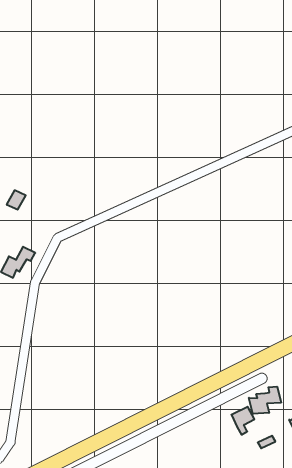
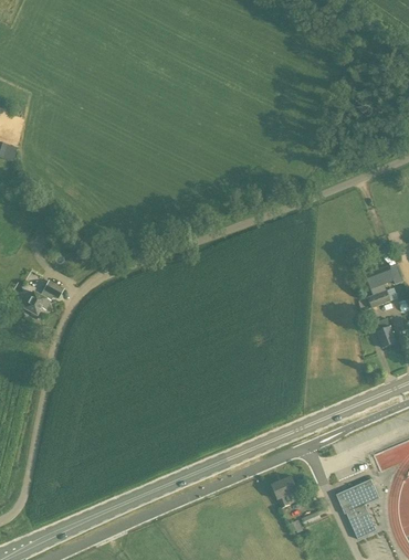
building: [249,387,281,414] -> none

